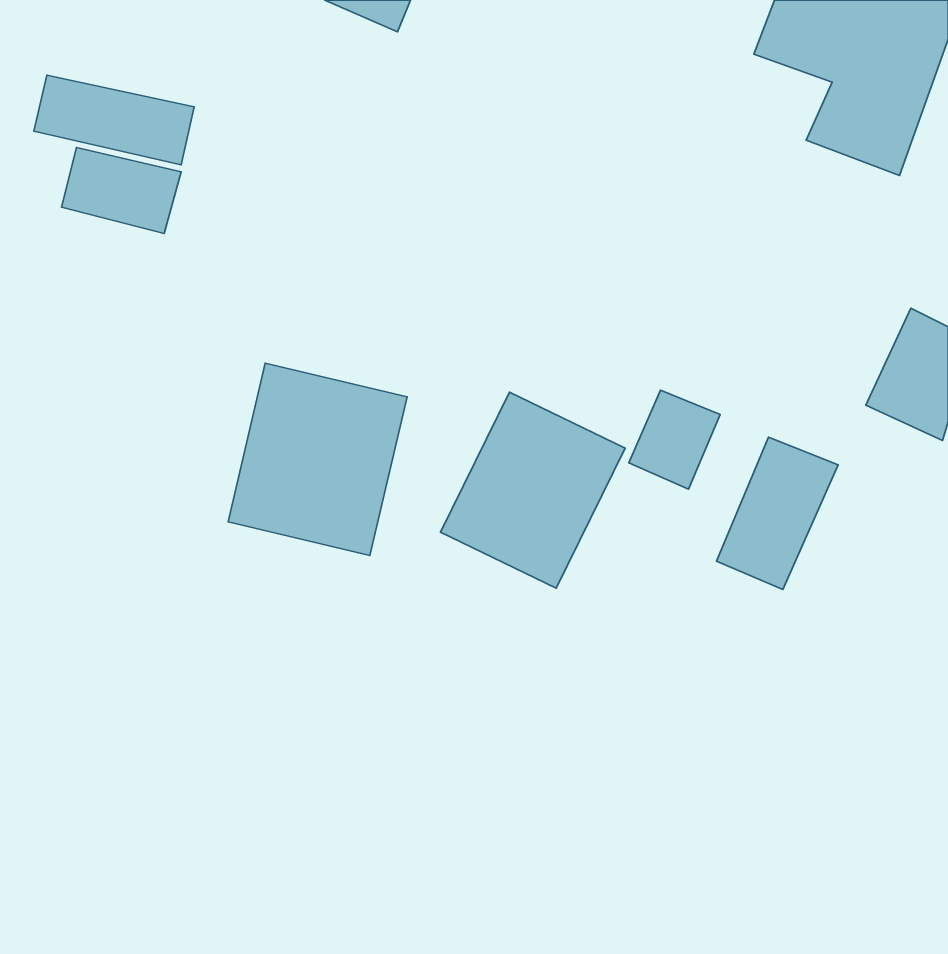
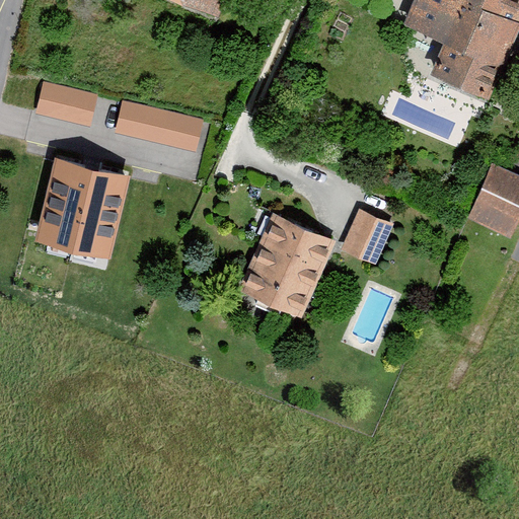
building: [34,75,194,165] -> [113,101,200,150]
building: [228,363,407,555] -> [31,153,129,257]
building: [716,437,838,590] -> none

